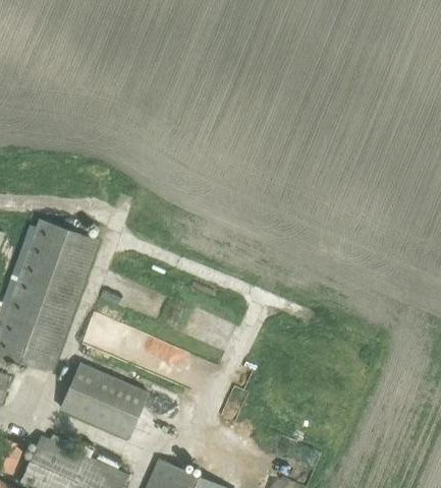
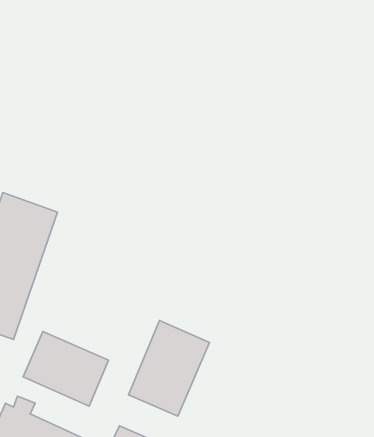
building: none -> [128,321,210,416]

